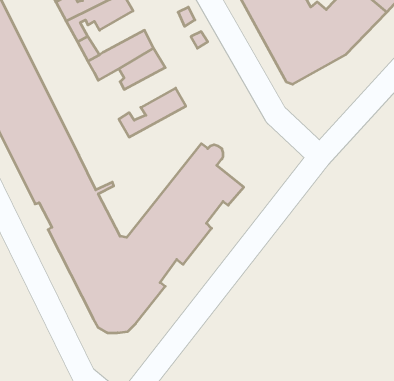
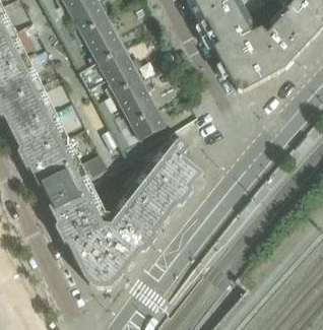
building: none -> [88,32,125,65]
building: none -> [96,77,149,118]
building: none -> [113,108,167,157]

